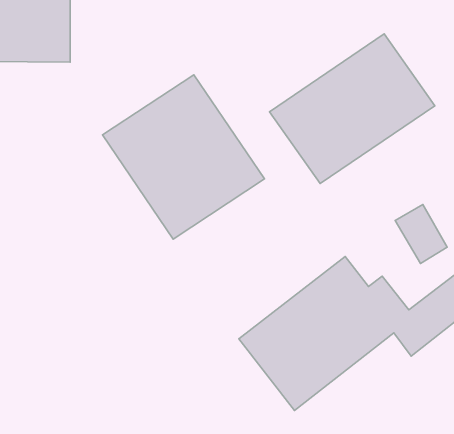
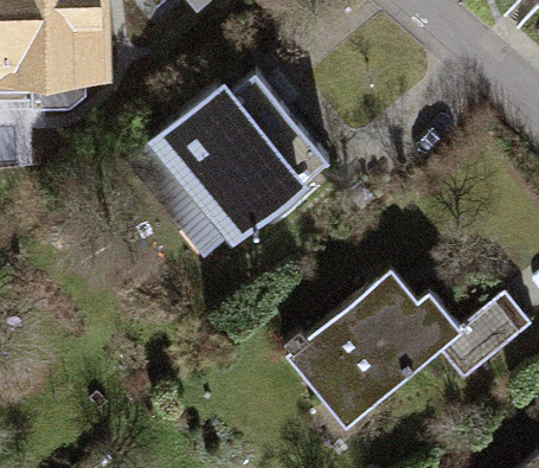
building: [270,34,435,184] -> none

